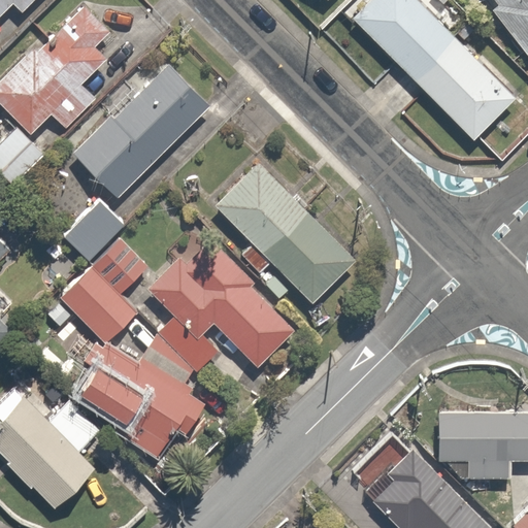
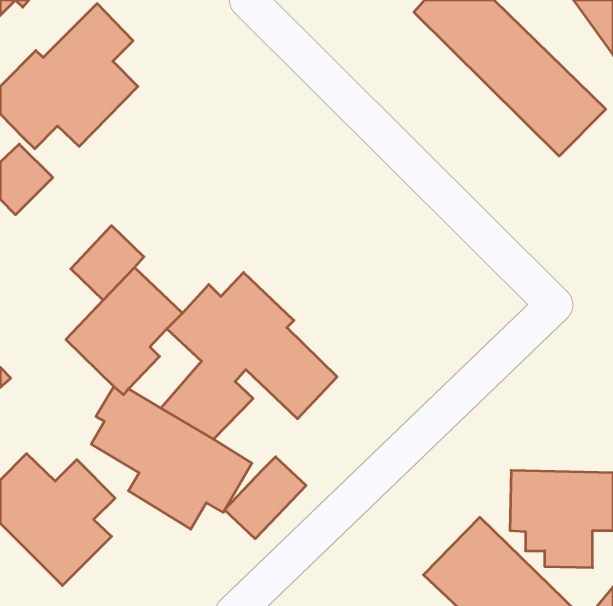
building: [71,64,207,200] -> none
building: [210,159,355,302] -> none
building: none -> [225,457,306,539]

